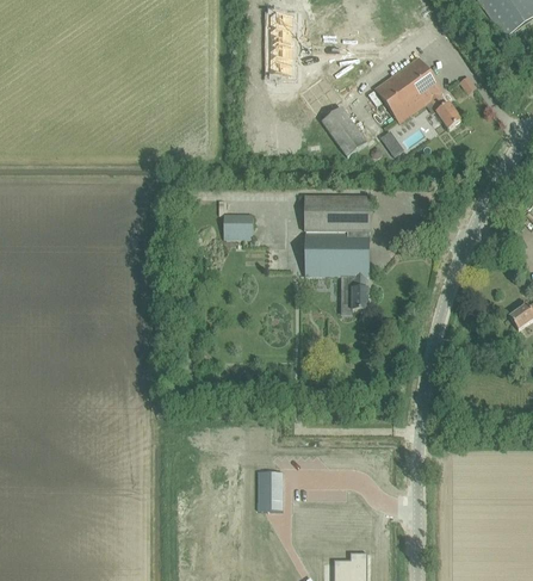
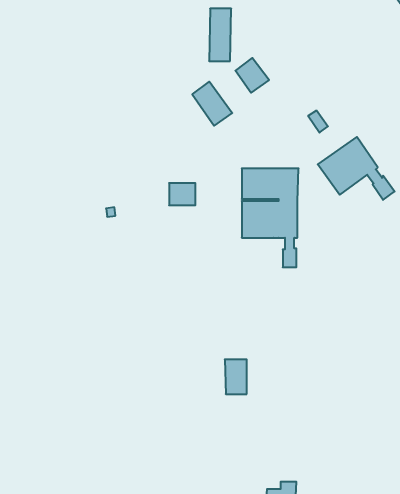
building: [374,55,461,126] -> [318,137,395,200]
building: [322,106,367,156] -> [192,82,232,126]
building: [258,470,283,509] -> [225,359,247,394]

